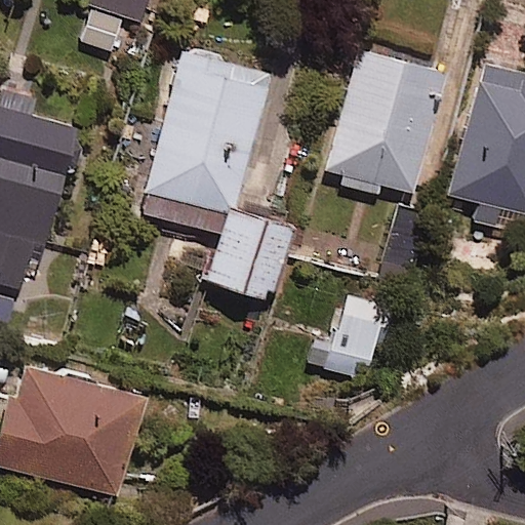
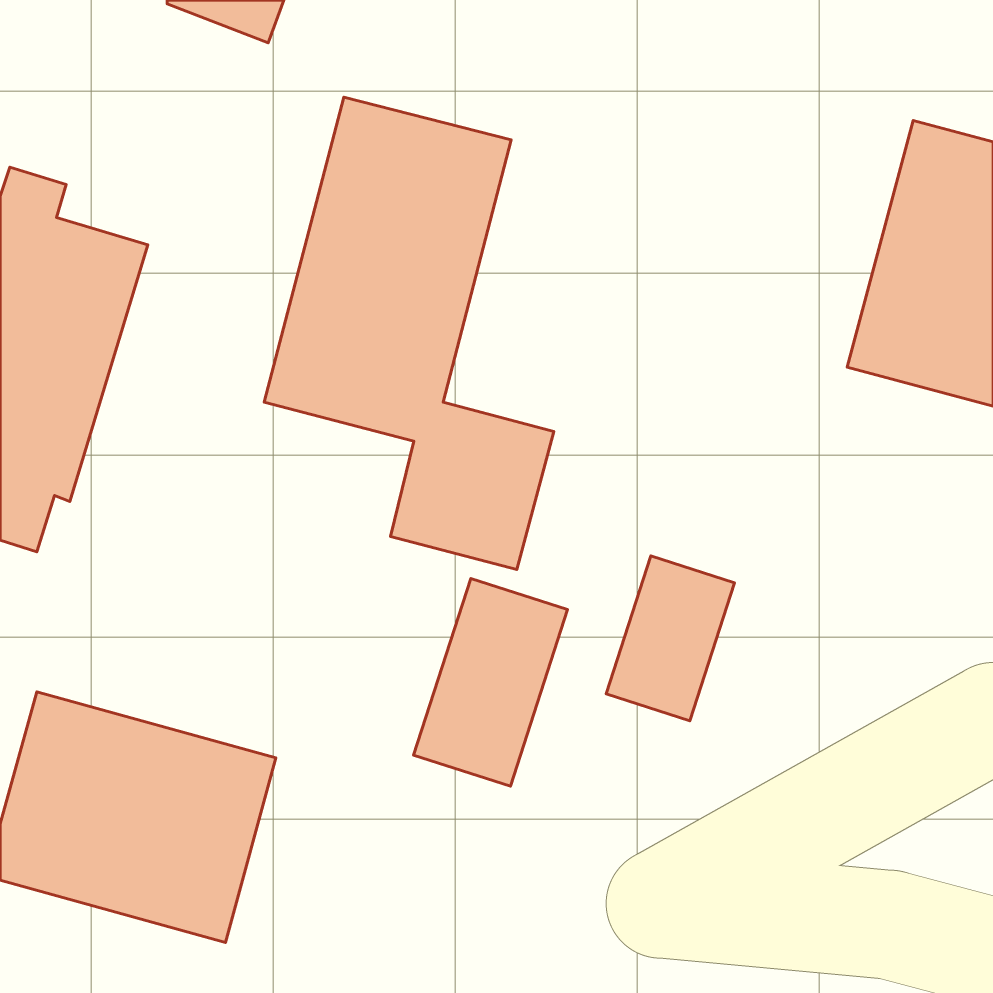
building: [324,48,445,197] -> none
building: none -> [413,578,568,786]

